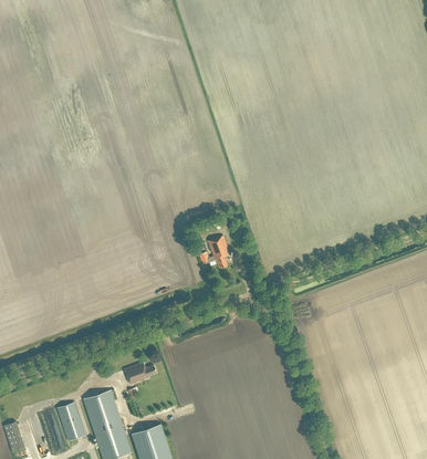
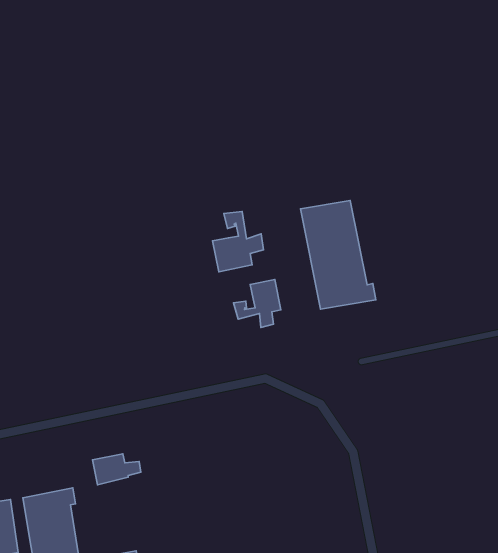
building: none -> [301,201,376,309]
building: none -> [213,211,264,272]

